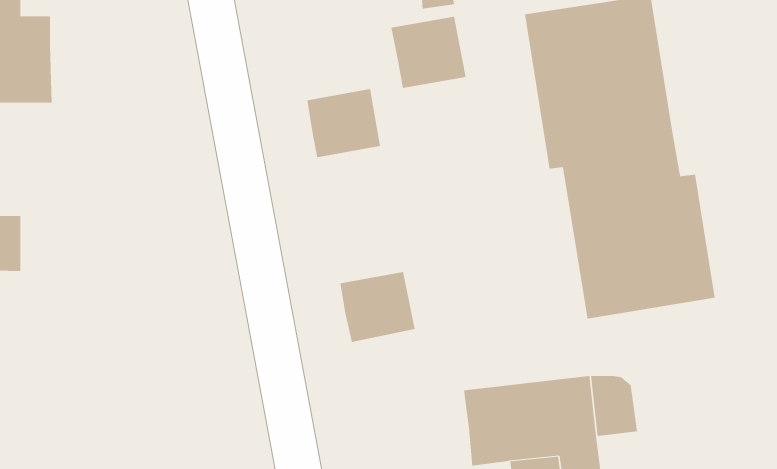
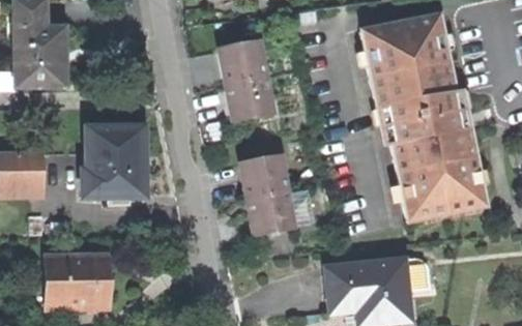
building: [391,16,466,89] -> [218,37,265,83]
building: none -> [85,128,147,203]
building: none -> [238,154,286,198]
building: none -> [47,257,111,308]

